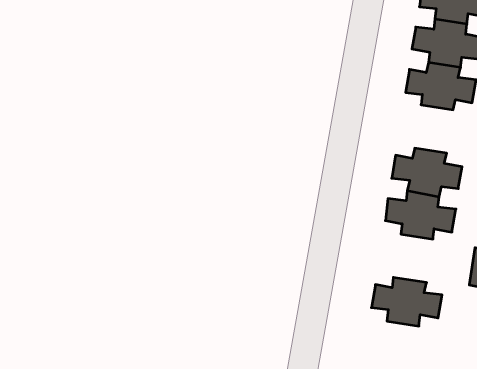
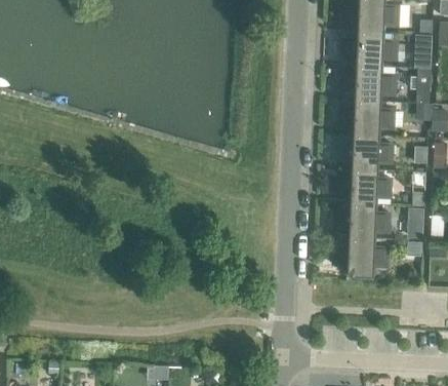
building: none -> [340,101,396,137]
building: none -> [336,204,391,240]

